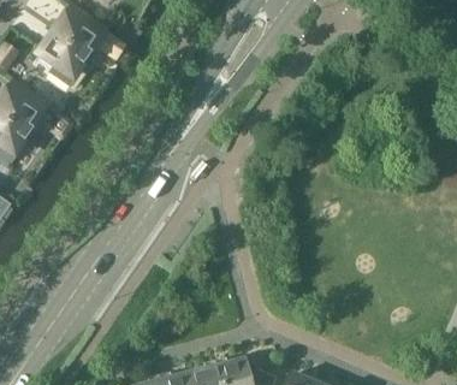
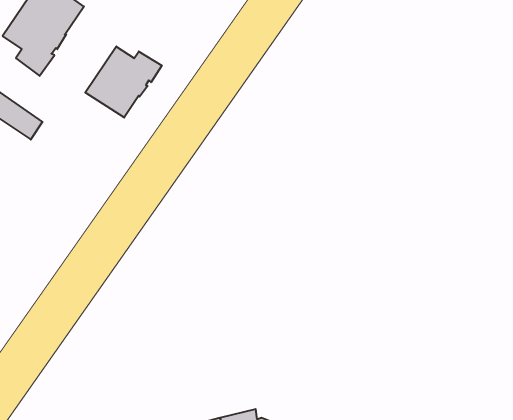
building: none -> [85,46,162,118]

